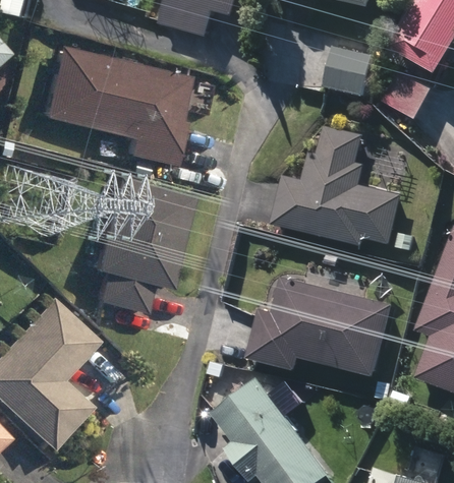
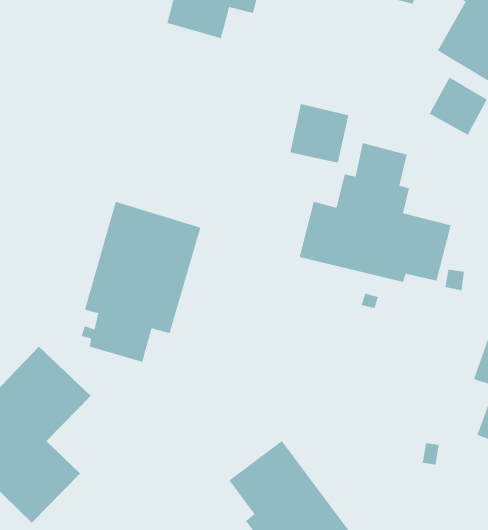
building: [39,46,183,165] -> none
building: [325,46,376,97] -> [289,103,349,163]
building: [248,278,394,377] -> none

